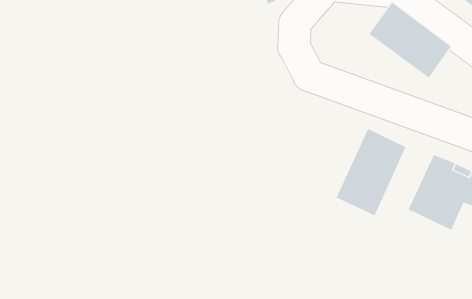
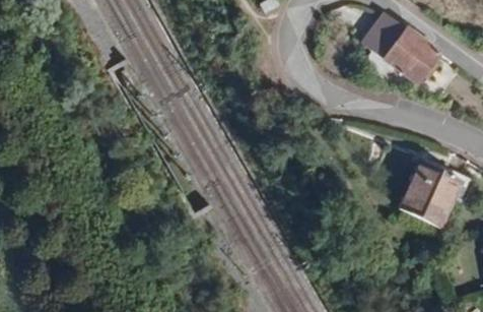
building: [336,128,406,216] -> none

